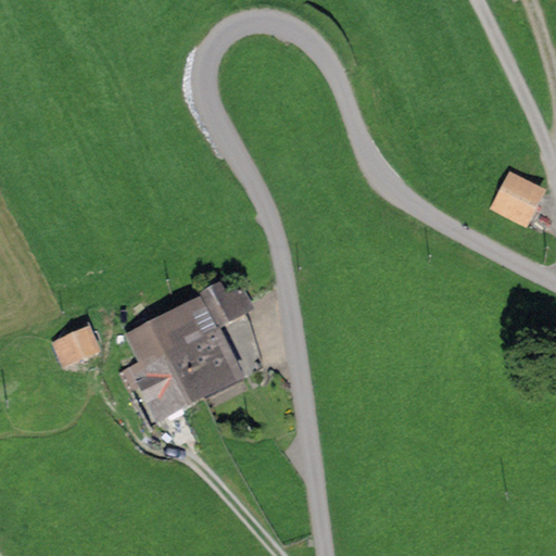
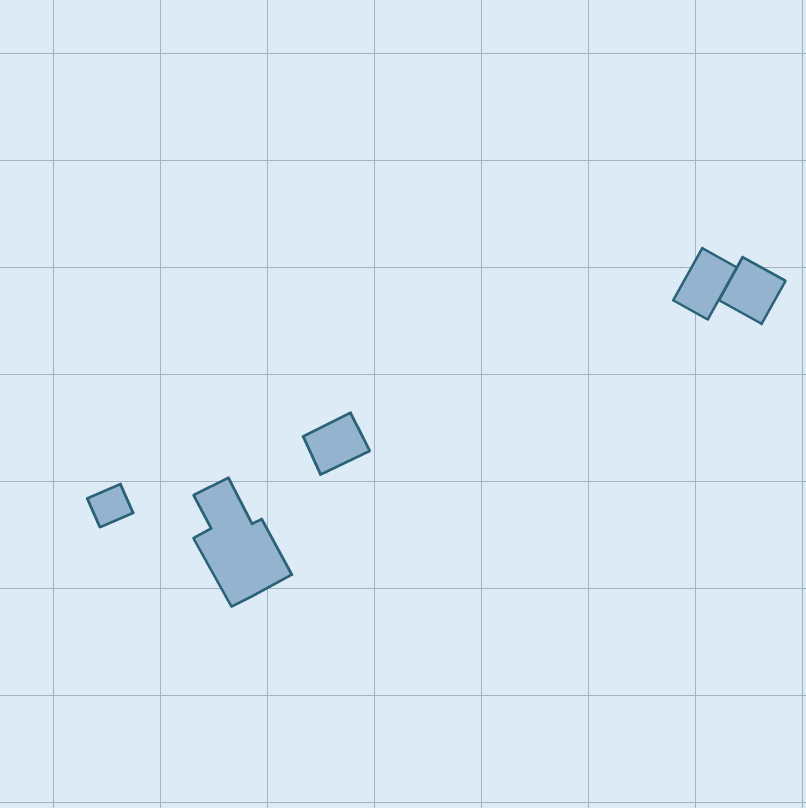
building: none -> [673,248,737,319]
building: [156,307,230,393] -> none

